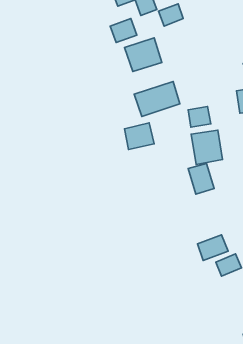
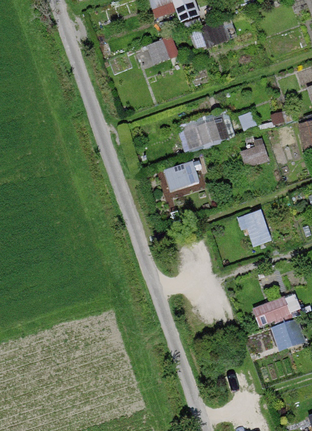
building: [124,38,162,71] -> none
building: [191,130,222,165] -> none

